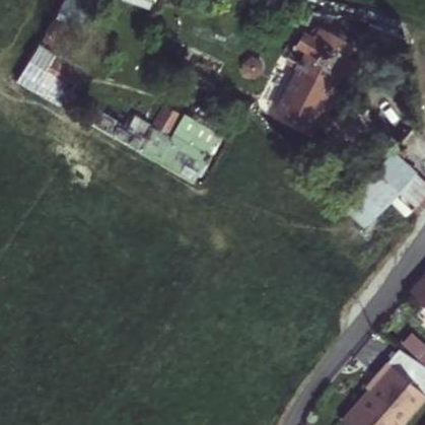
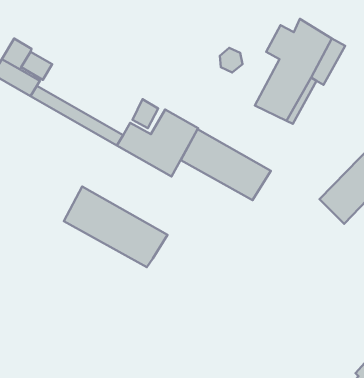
building: none -> [181,129,271,200]
building: none -> [64,187,167,267]

